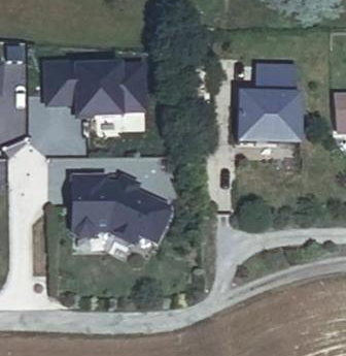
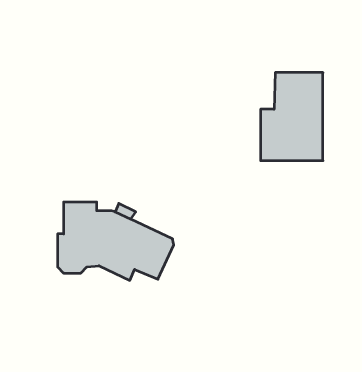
building: [43,62,142,116] -> none

